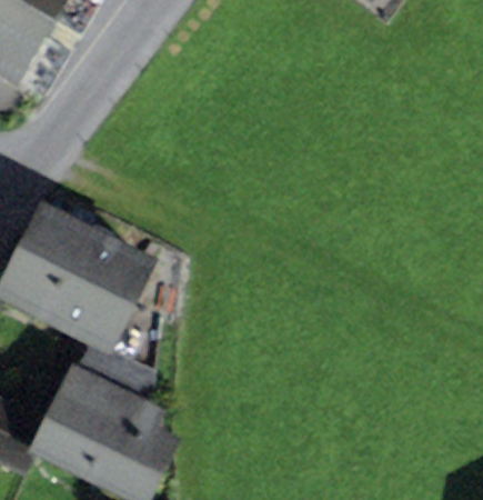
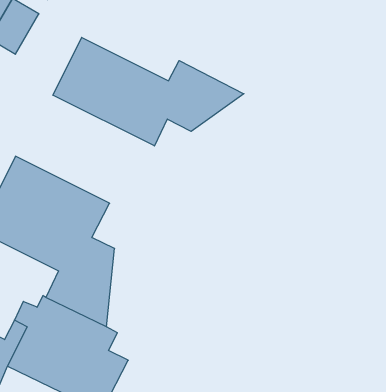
building: none -> [53,37,244,146]

